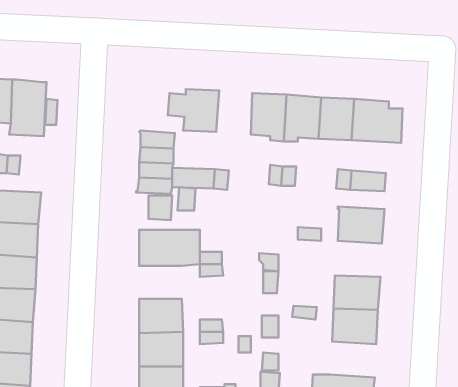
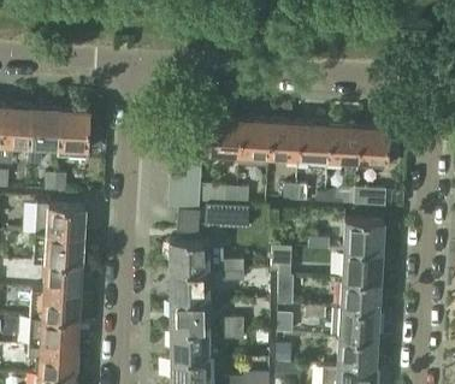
building: none -> [237,119,268,167]
building: none -> [341,250,382,282]
building: none -> [170,272,207,301]
building: none -> [336,338,377,370]

